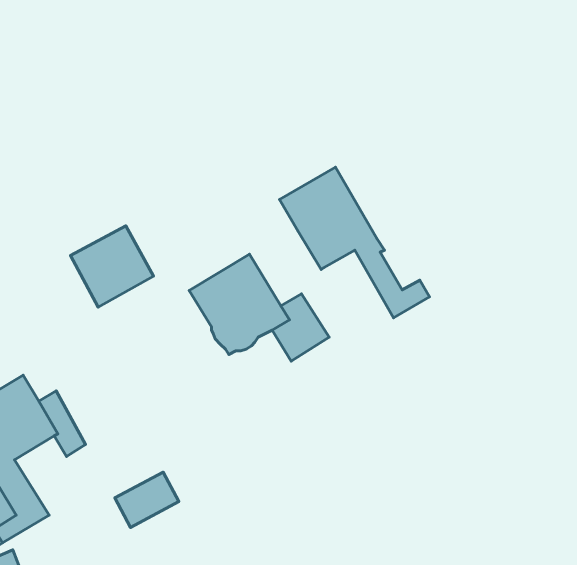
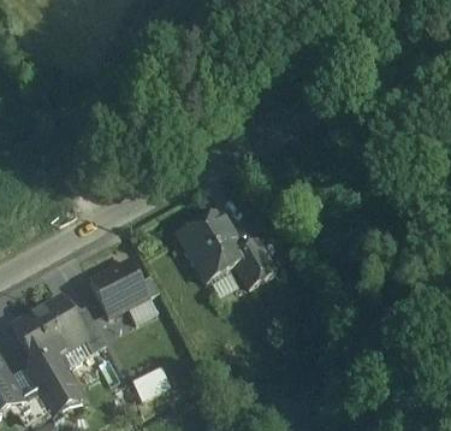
building: [279,167,430,318] -> none
building: [70,226,153,307] -> [91,259,149,315]

